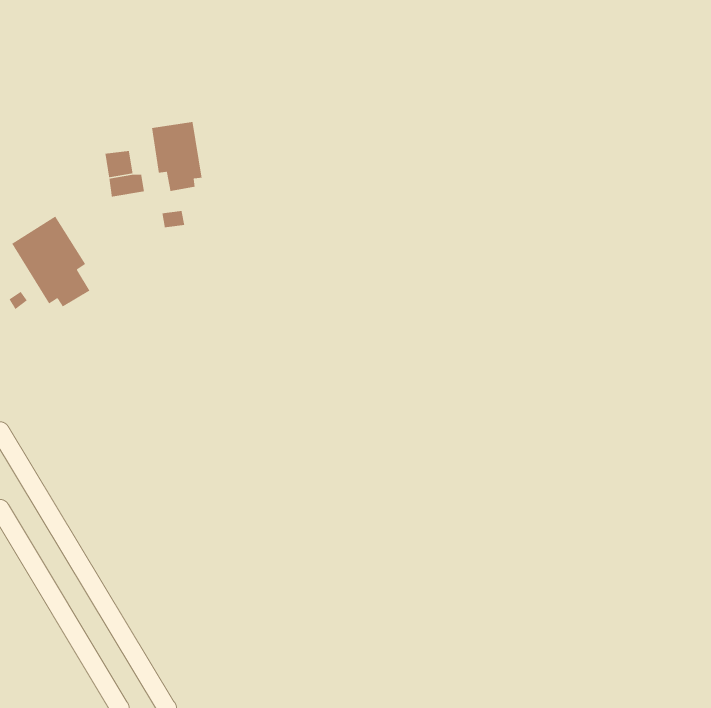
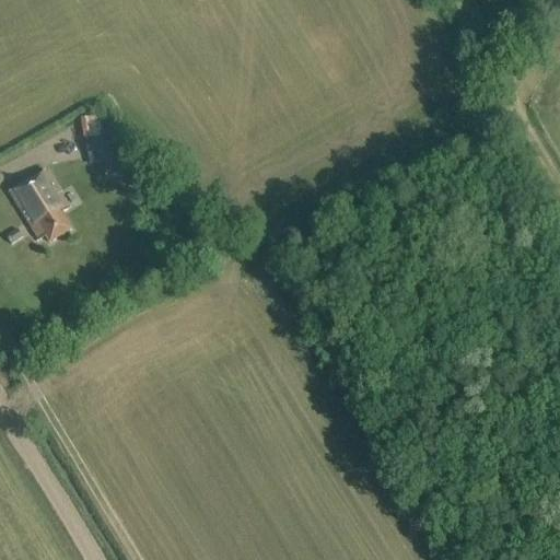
building: [151,121,203,192] -> none

